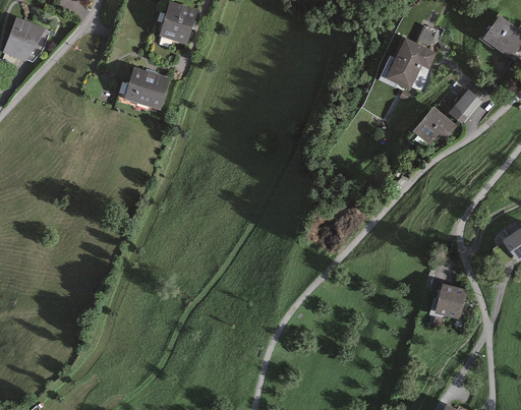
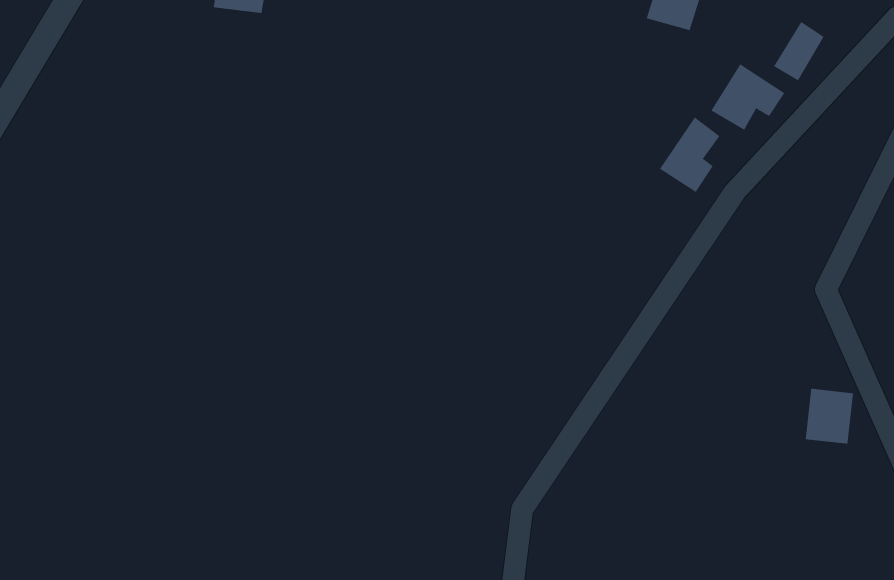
building: [126,68,167,106] -> none
building: none -> [659,117,720,193]

